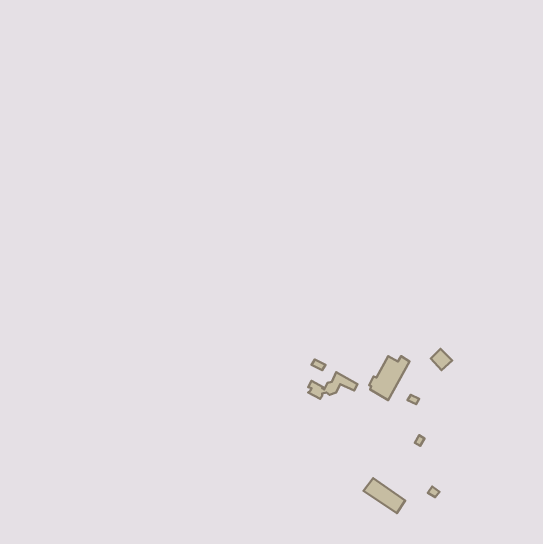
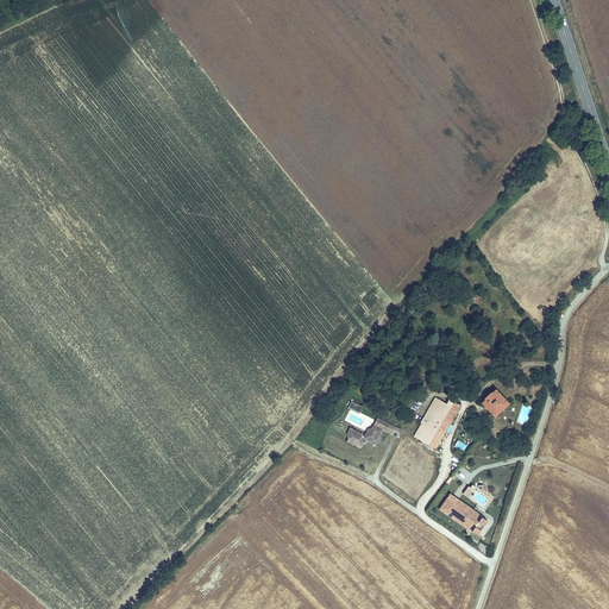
building: [364,478,405,513] -> [439,494,485,533]

